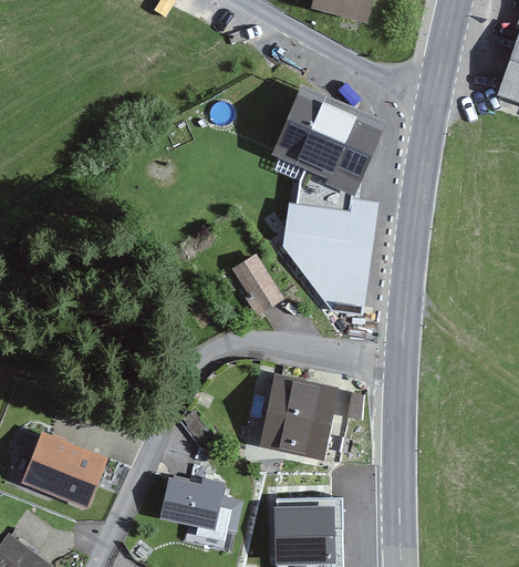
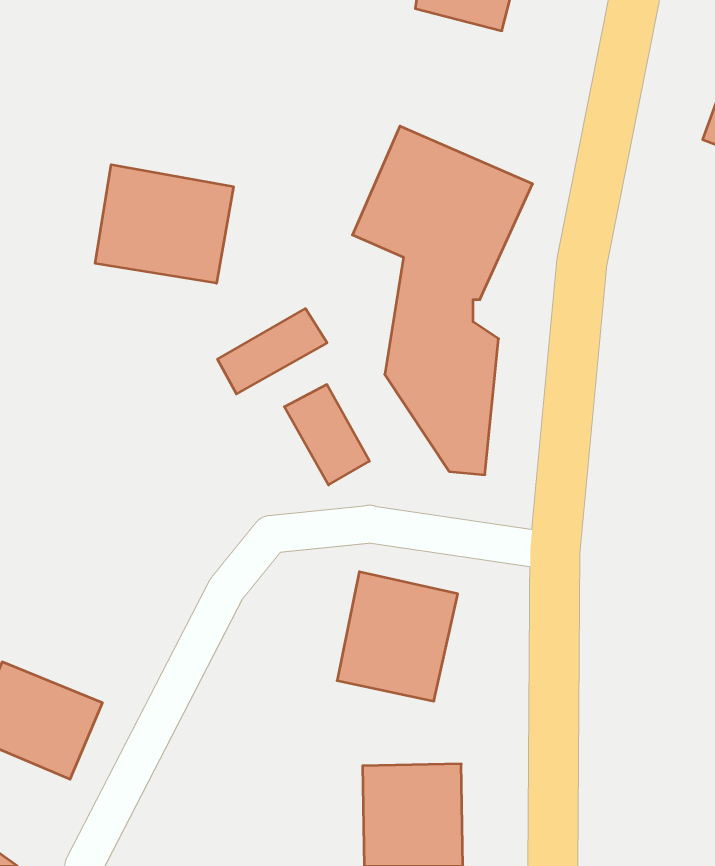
building: none -> [95,165,233,283]
building: none -> [218,309,327,394]
building: [162,480,242,548] -> none

